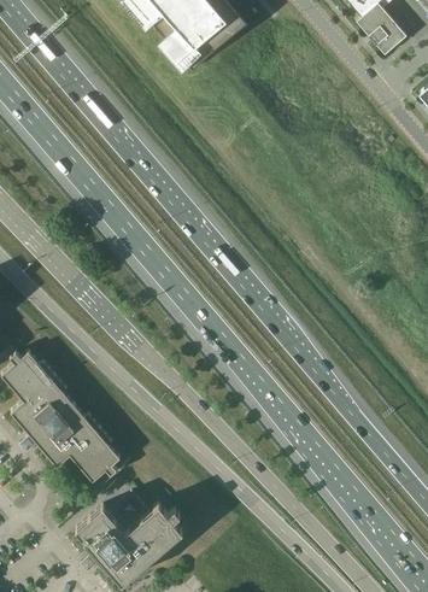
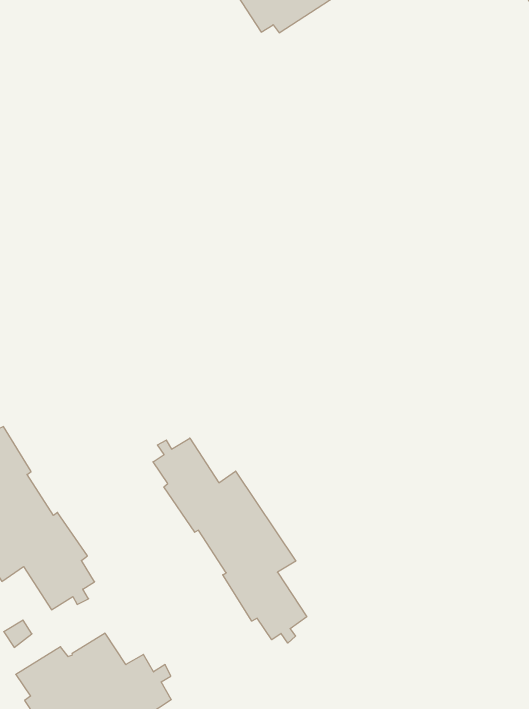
building: none -> [153,438,307,643]

